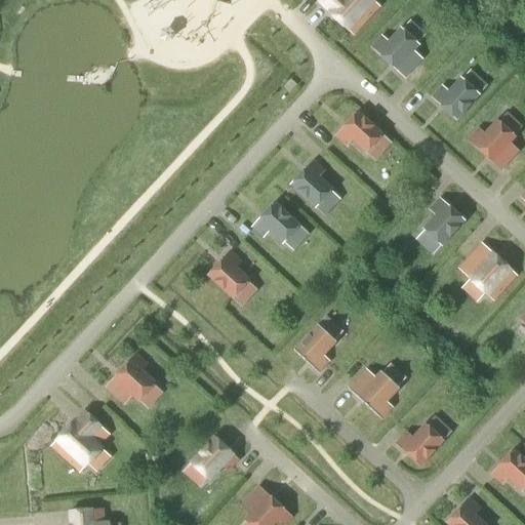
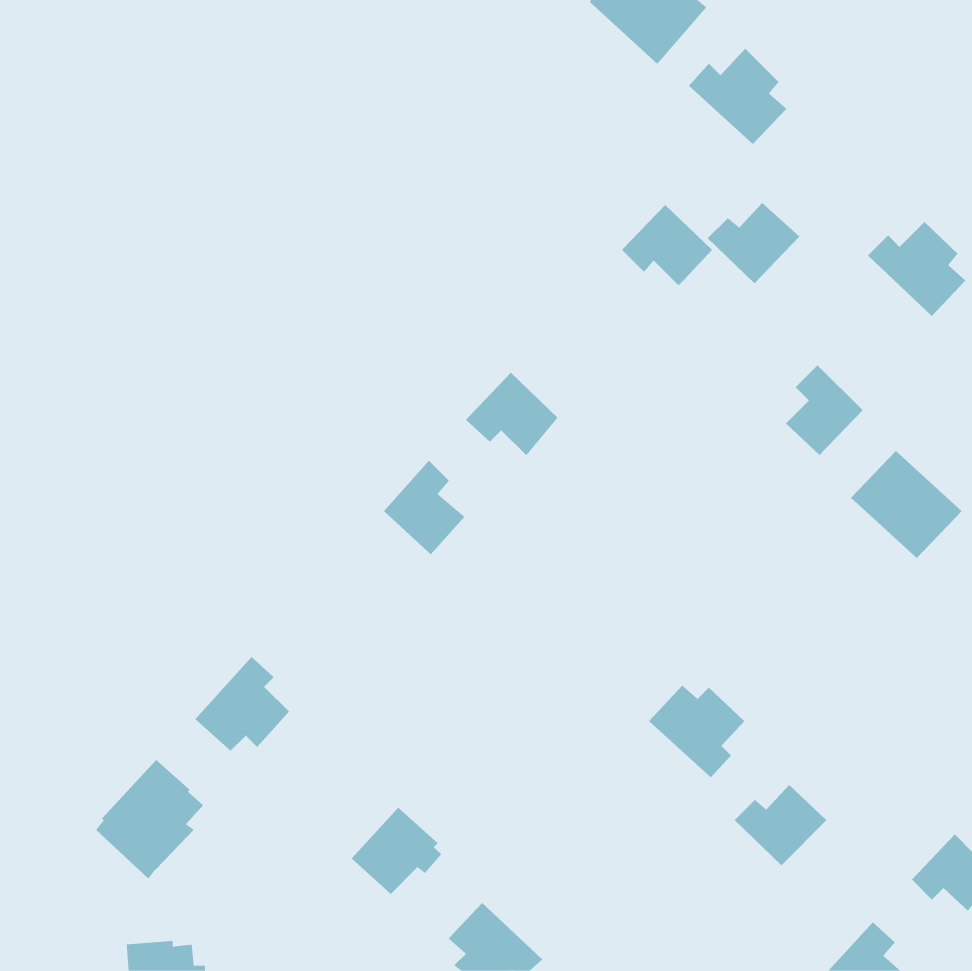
building: [432,76,482,120] -> [707,202,800,284]
building: [290,158,334,208] -> none
building: [294,322,338,372] -> none

